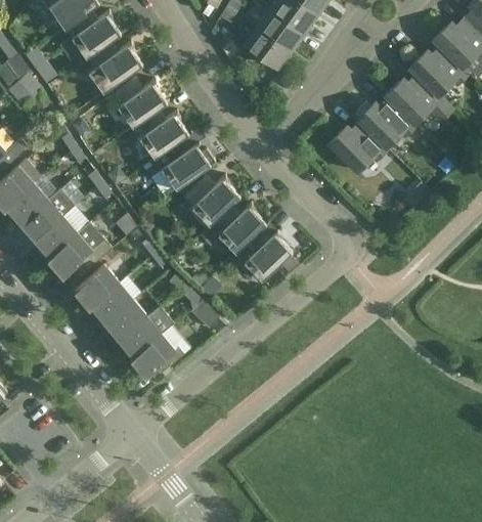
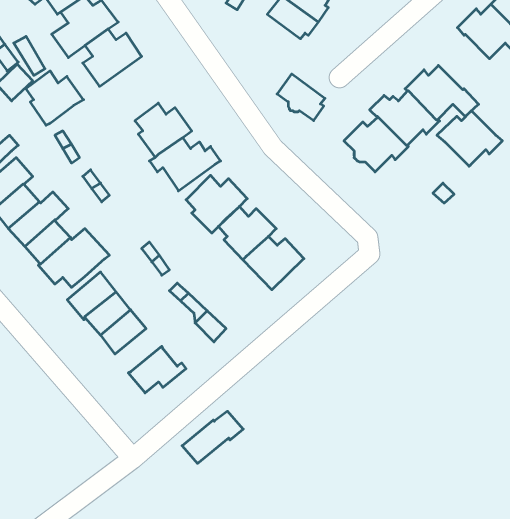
building: [244,27,288,70] -> [277,74,325,121]
building: [407,45,468,96] -> [437,111,502,166]
building: [113,77,166,127] -> [26,71,84,125]
building: [117,308,173,356] -> [182,411,243,463]

